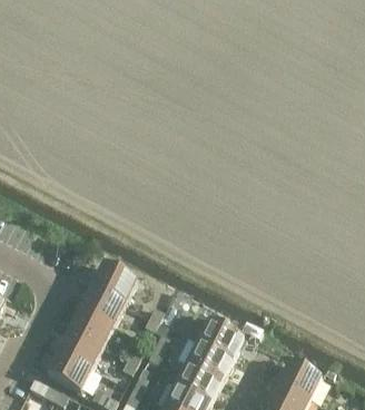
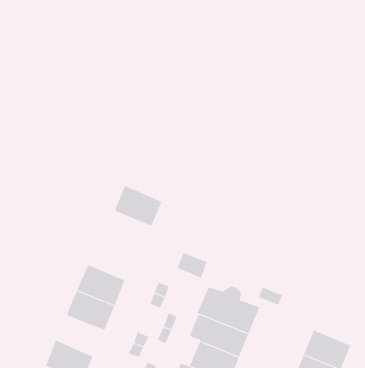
building: [92,264,136,303] -> [114,185,162,226]
building: [58,330,102,369] -> none

